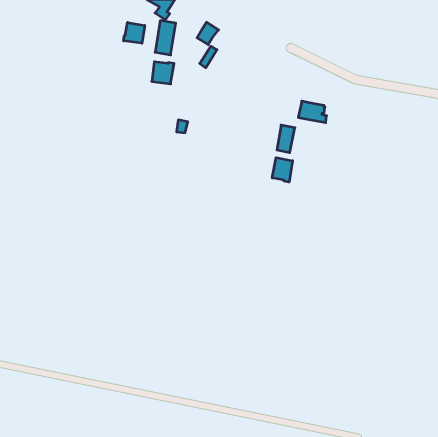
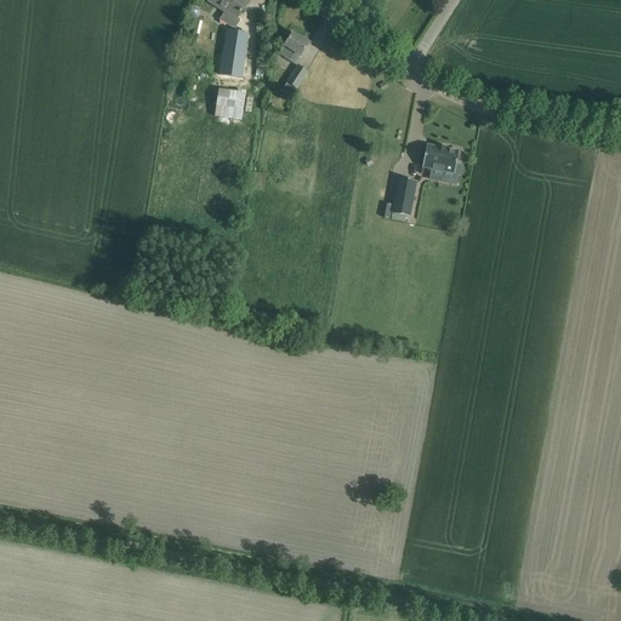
building: [124,22,145,43] -> none
building: [272,158,293,182] -> none

